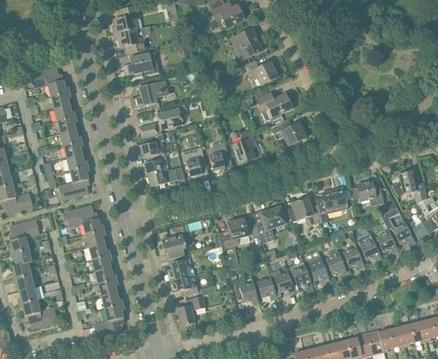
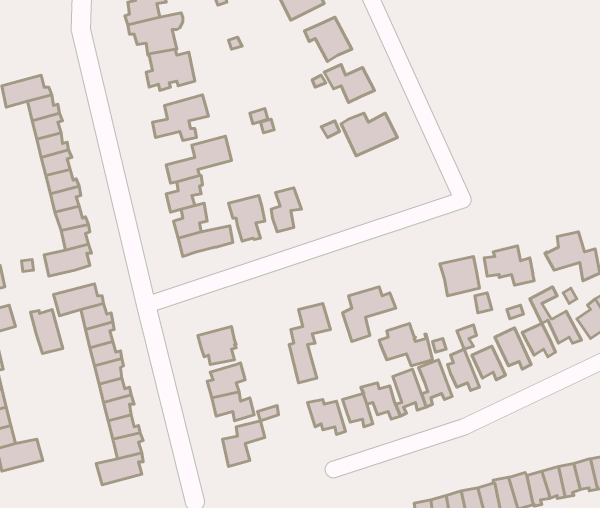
building: [270,119,307,144] -> none
building: [231,127,256,162] -> none
building: [287,196,322,224] -> [379,323,432,366]
building: none -> [30,310,63,353]

